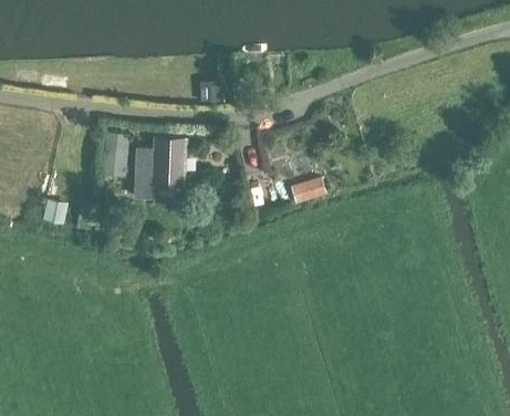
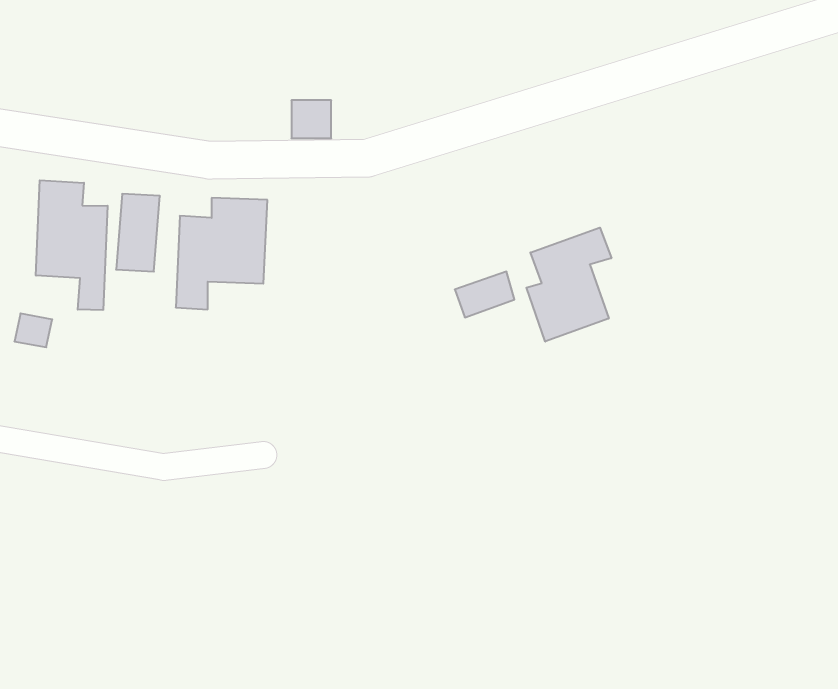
building: none -> [36,180,108,310]
building: none -> [526,228,611,342]

